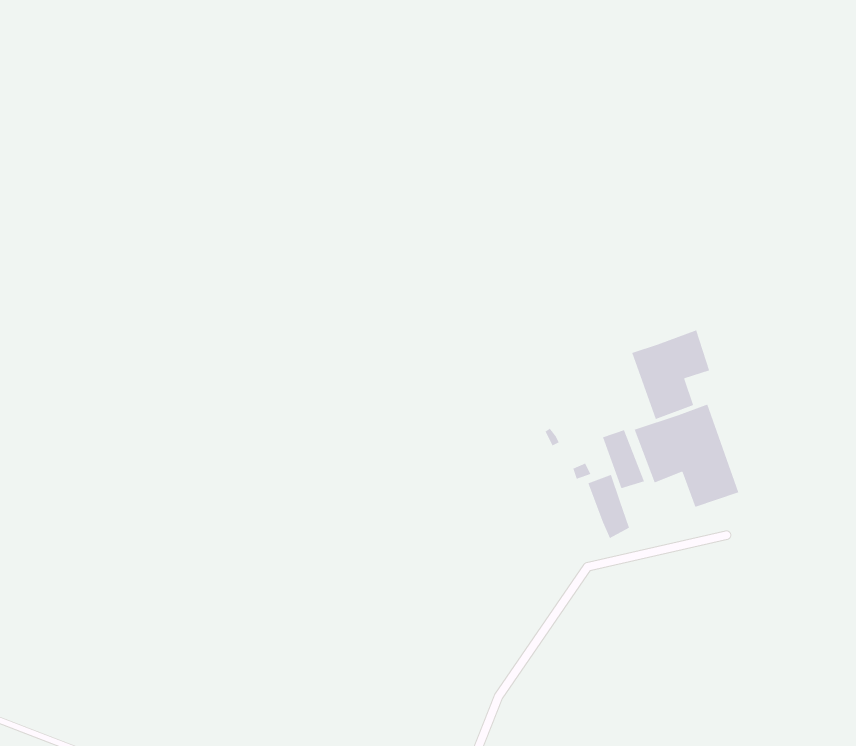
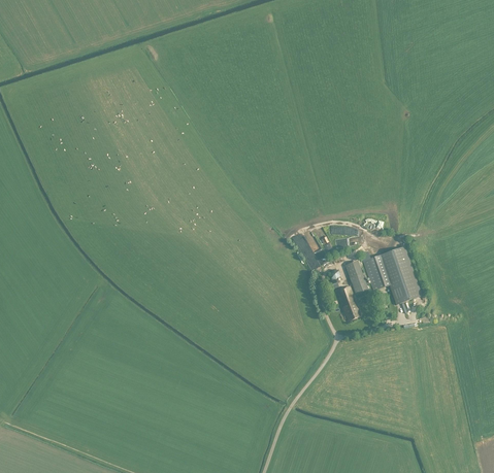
building: [631,329,710,420] -> none

